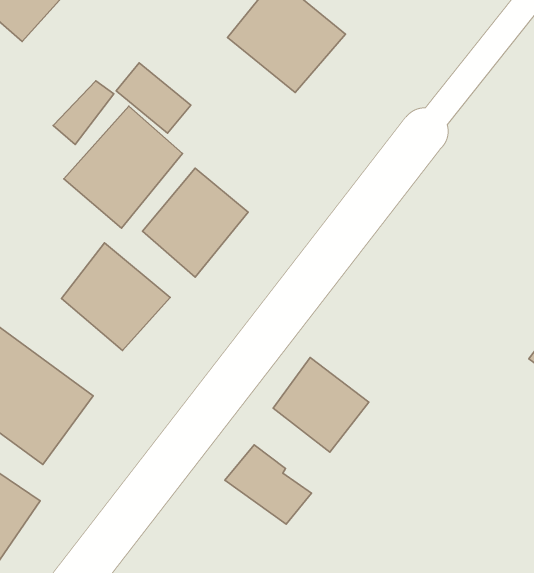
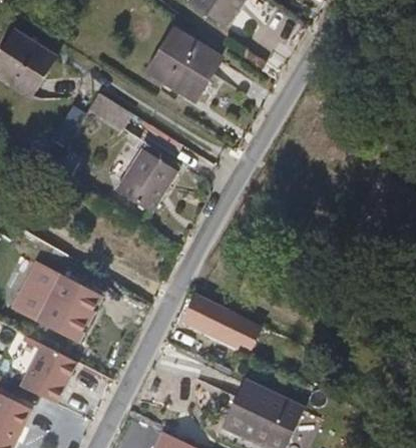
building: [64,106,182,228] -> none
building: [61,243,170,351] -> none
building: [273,358,369,452] -> none

